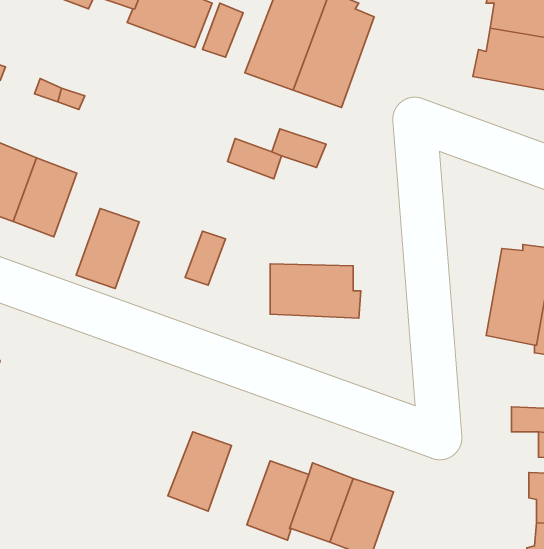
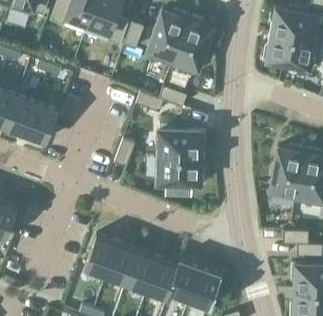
building: [76,208,139,289] -> none
building: none -> [157,131,205,159]
building: none -> [83,237,117,278]
building: none -> [125,252,157,293]

